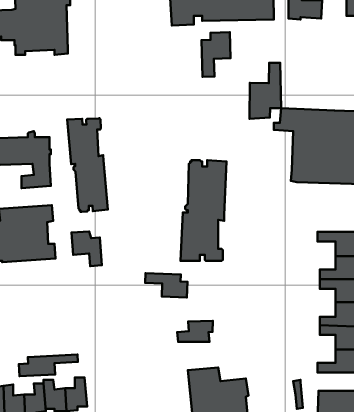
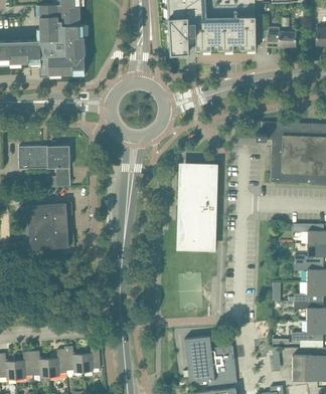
building: [202,32,231,77] -> none
building: [250,63,281,119] -> none
building: [67,118,108,212] -> none
building: [72,231,102,266] -> none
building: [145,273,187,298] -> none
building: [177,321,213,342] -> none
building: [19,354,78,376] -> none

